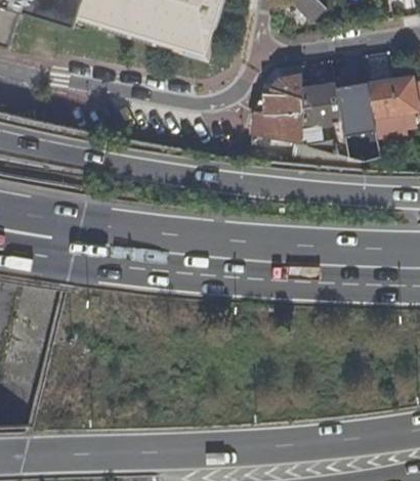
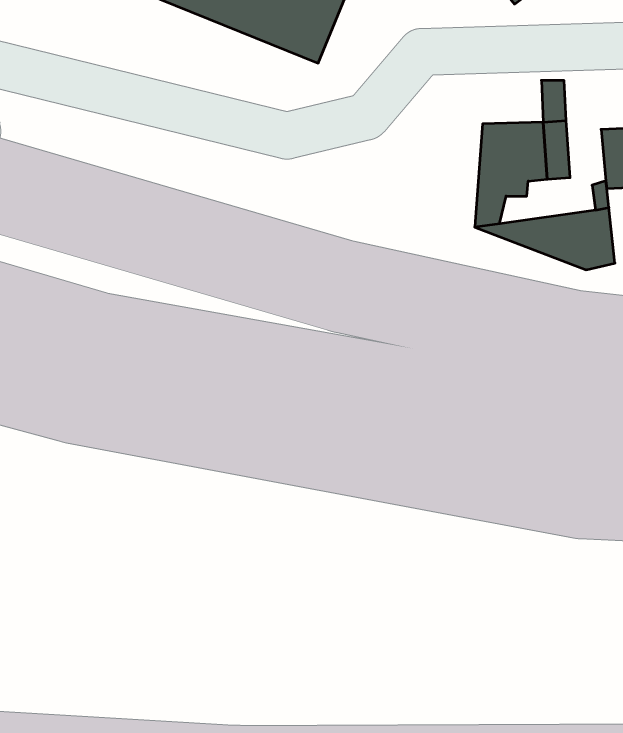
building: [254,71,304,136] -> none

